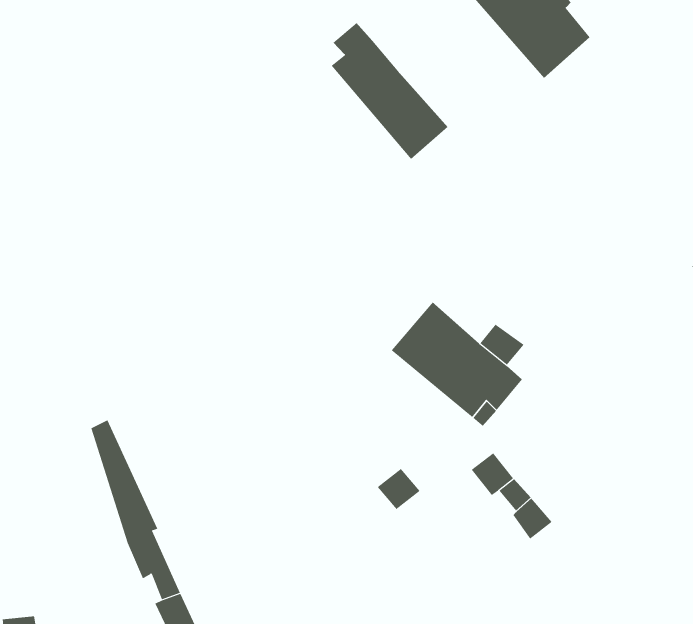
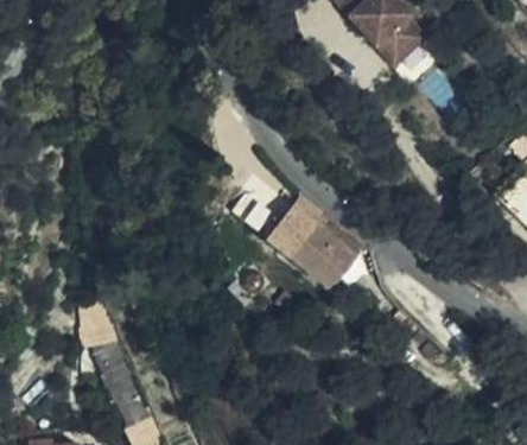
building: [331,22,449,160] -> none
building: none -> [267,201,317,252]

